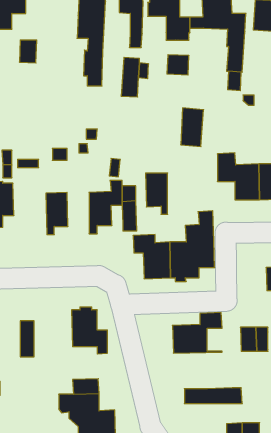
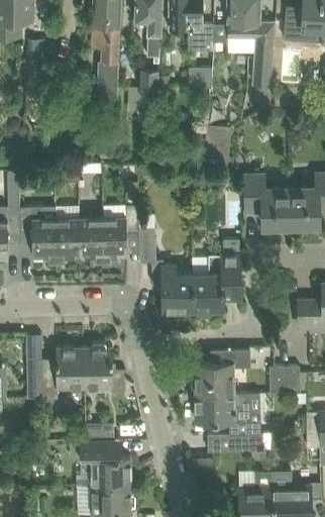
building: [146,173,168,214] -> [79,218,103,264]
building: none -> [19,207,57,265]
building: none -> [42,347,85,399]
building: none -> [196,394,260,434]

